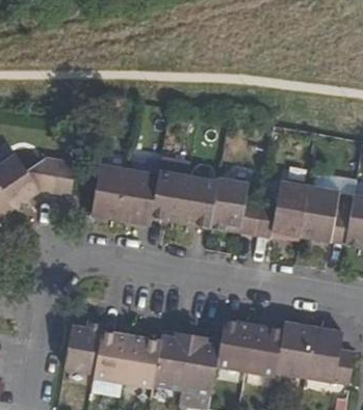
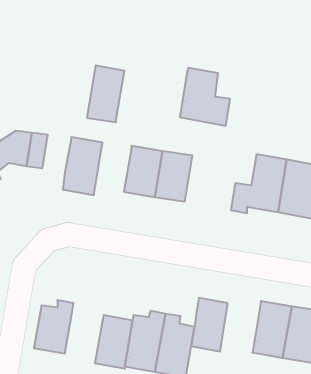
building: [122,168,158,223] -> [87,65,124,122]
building: [210,177,259,234] -> [180,68,230,126]
building: [244,324,283,376] -> none
building: [94,330,131,382] -> none

